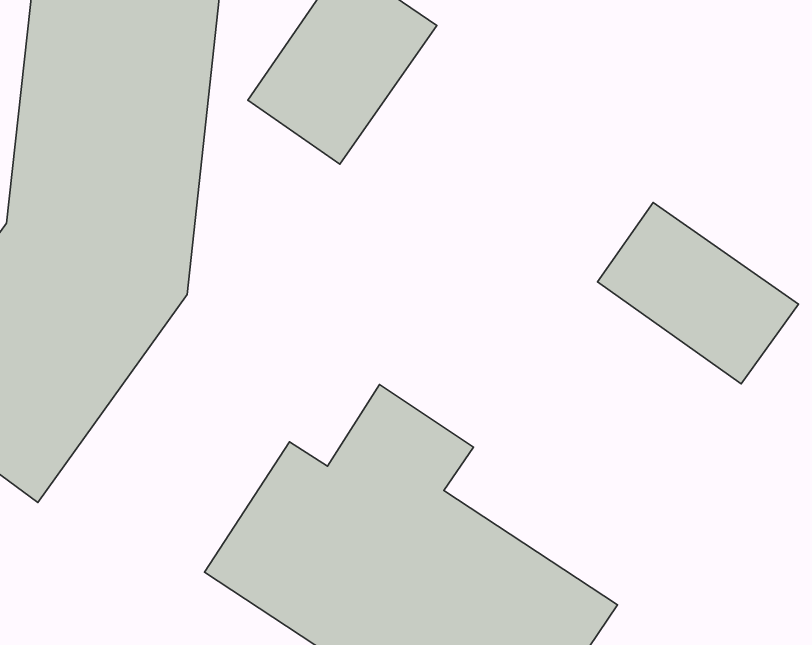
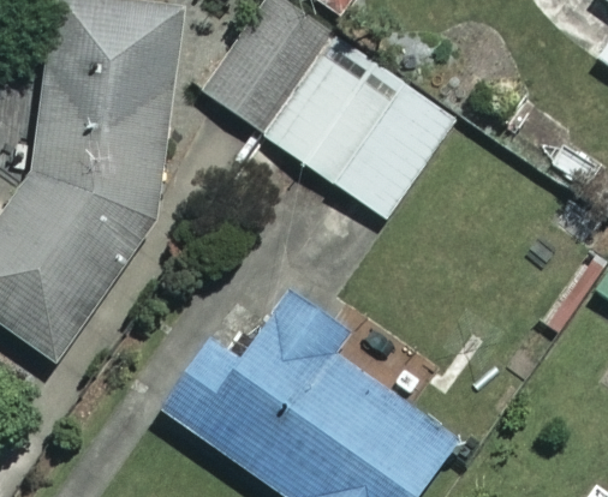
building: none -> [262,36,454,220]
building: [598,203,798,384] -> none

